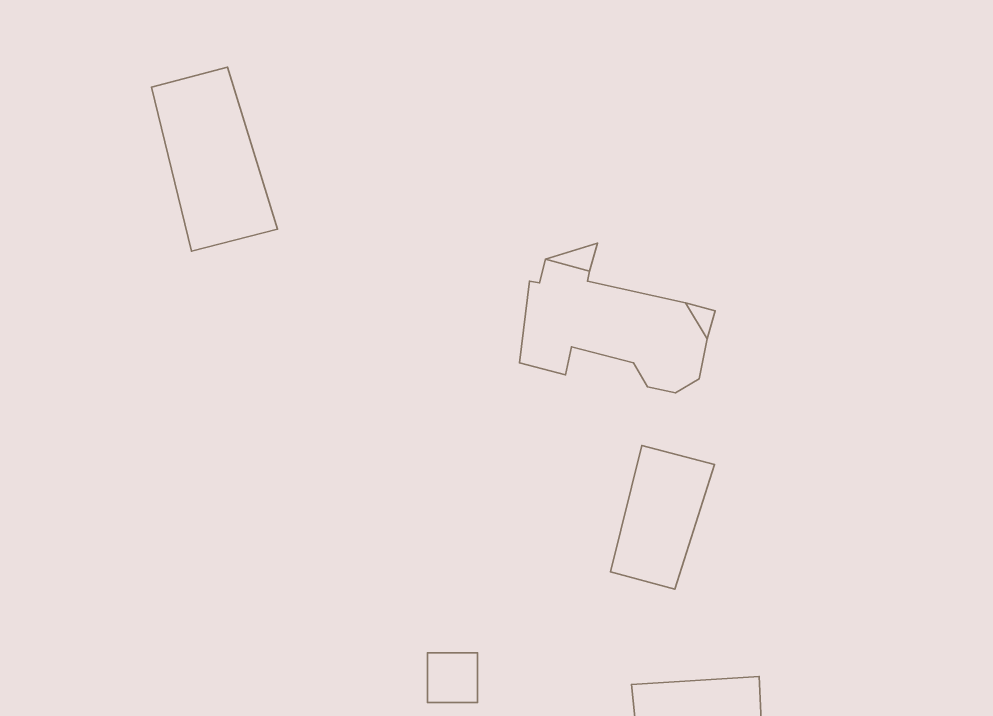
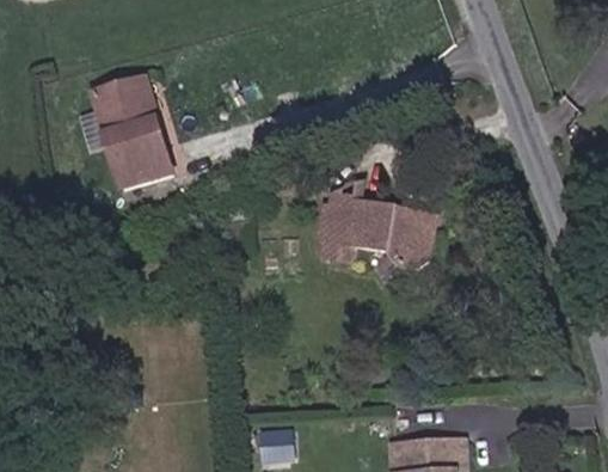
building: [610,445,715,589] -> none

